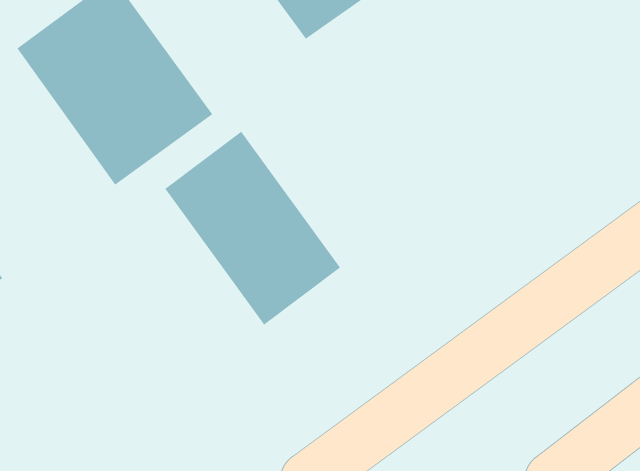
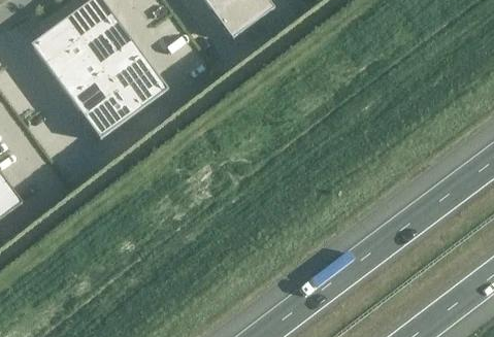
building: [165,131,341,325] -> none

